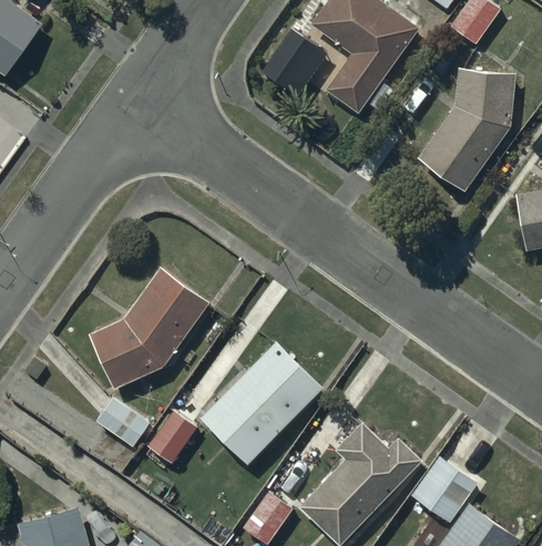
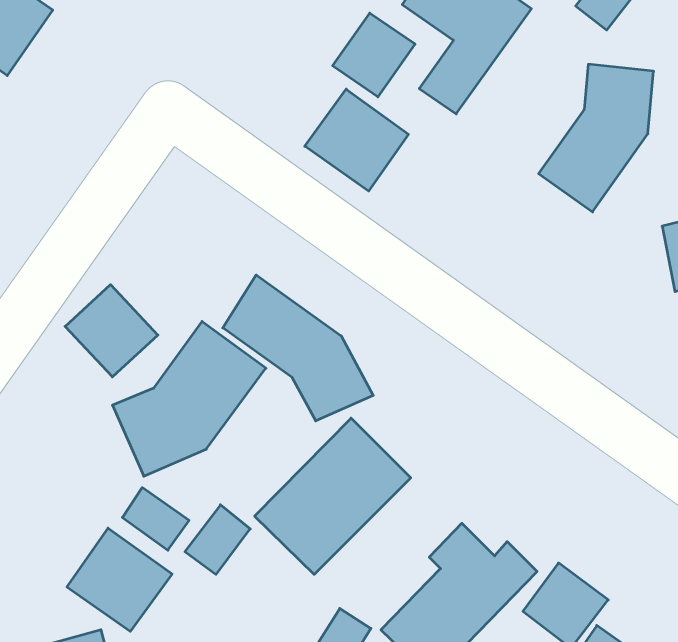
building: none -> [305,89,408,191]
building: none -> [223,275,373,421]
building: none -> [65,285,158,377]
building: none -> [67,528,172,631]

